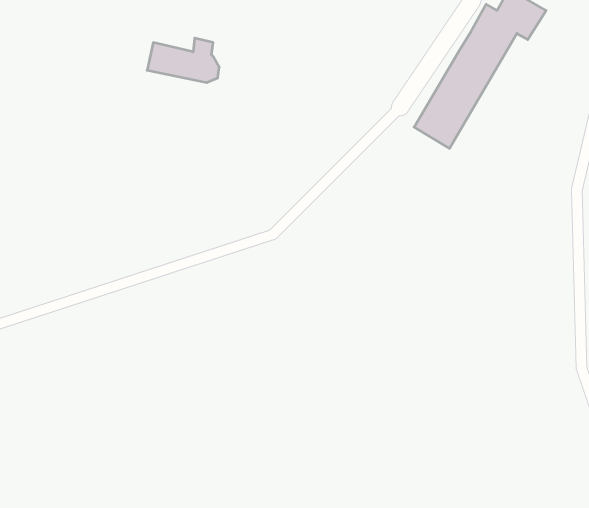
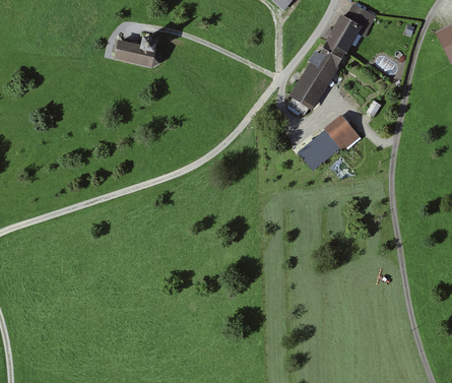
building: none -> [300,115,360,171]

